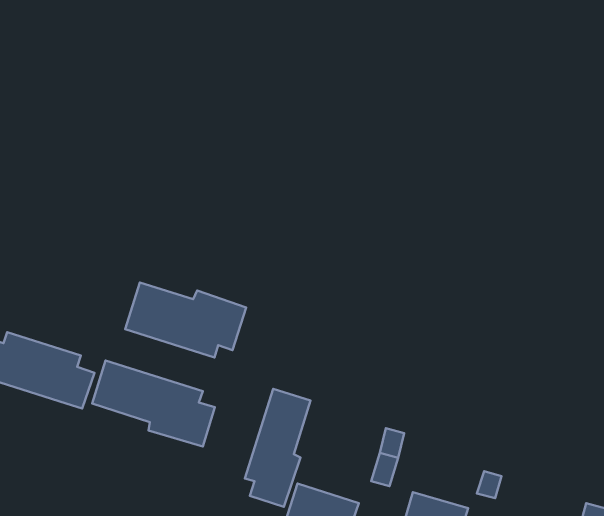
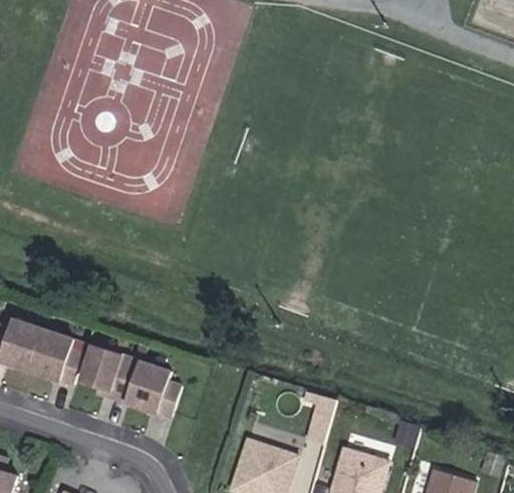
building: [125,282,246,357] -> none
building: [245,389,311,507] -> none

